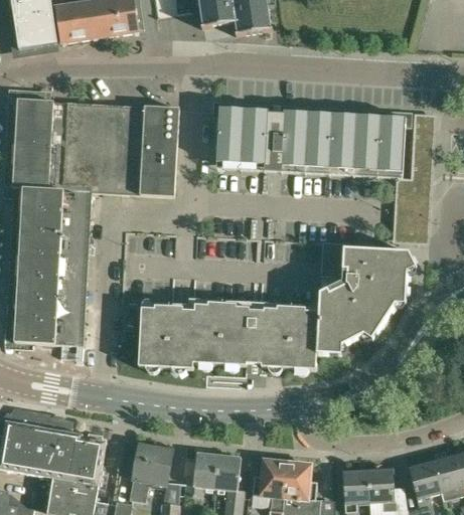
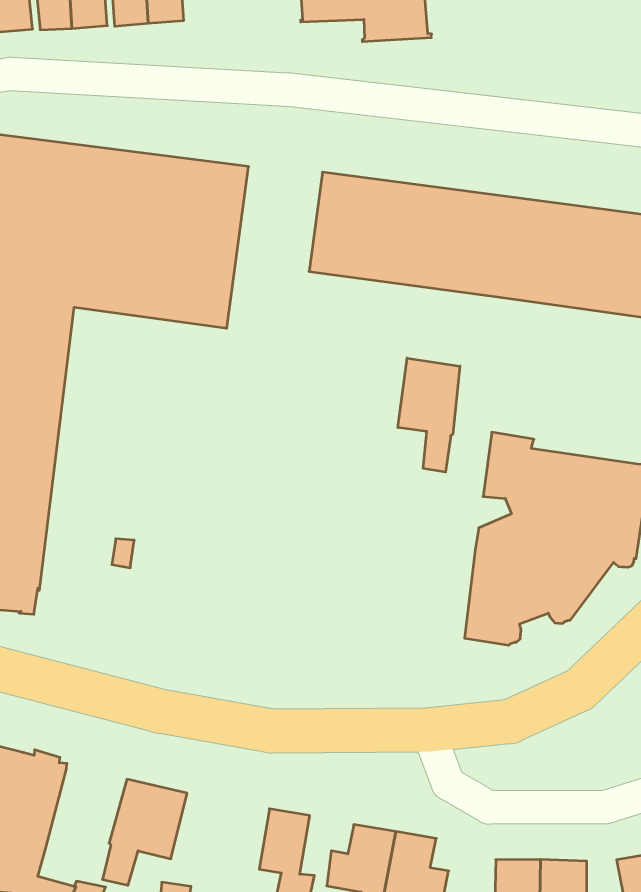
building: none -> [398,358,460,472]
building: [138,297,317,374] -> none
building: [182,452,216,496] -> none

